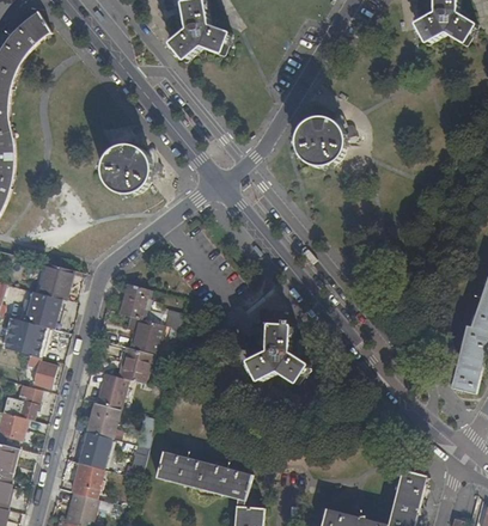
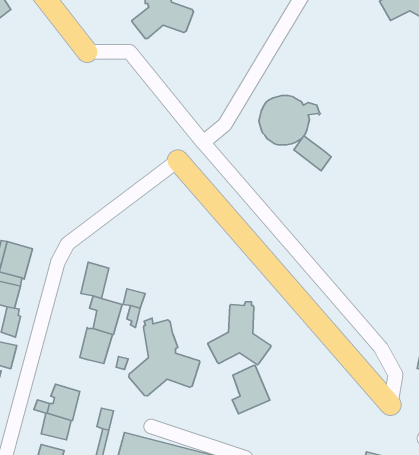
building: [102,145,153,195] -> none
building: none -> [294,136,331,171]
building: none -> [129,318,200,396]
building: [97,373,127,409] -> none
building: none -> [232,365,270,414]

